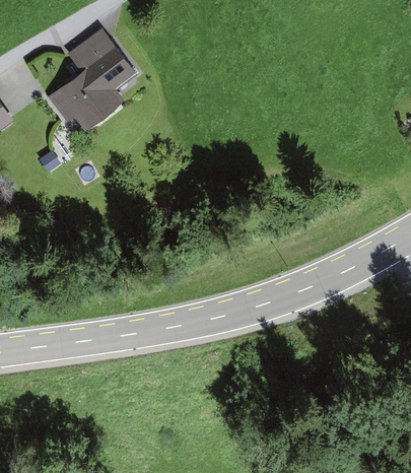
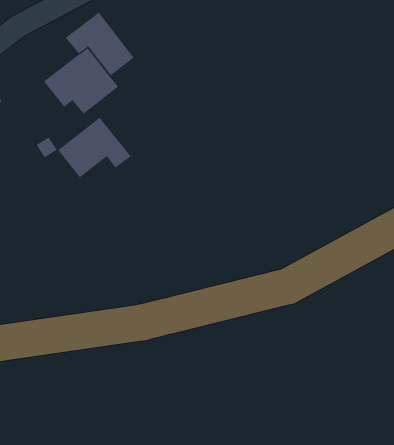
building: none -> [58,117,131,178]

